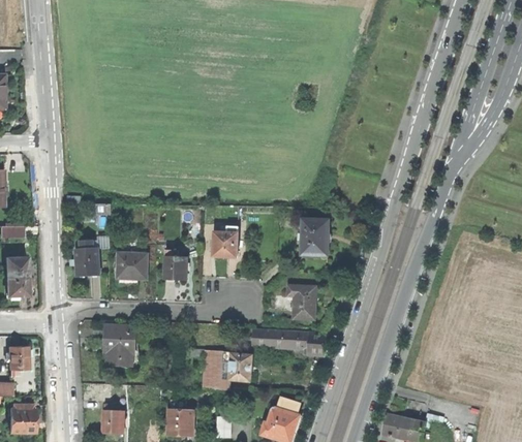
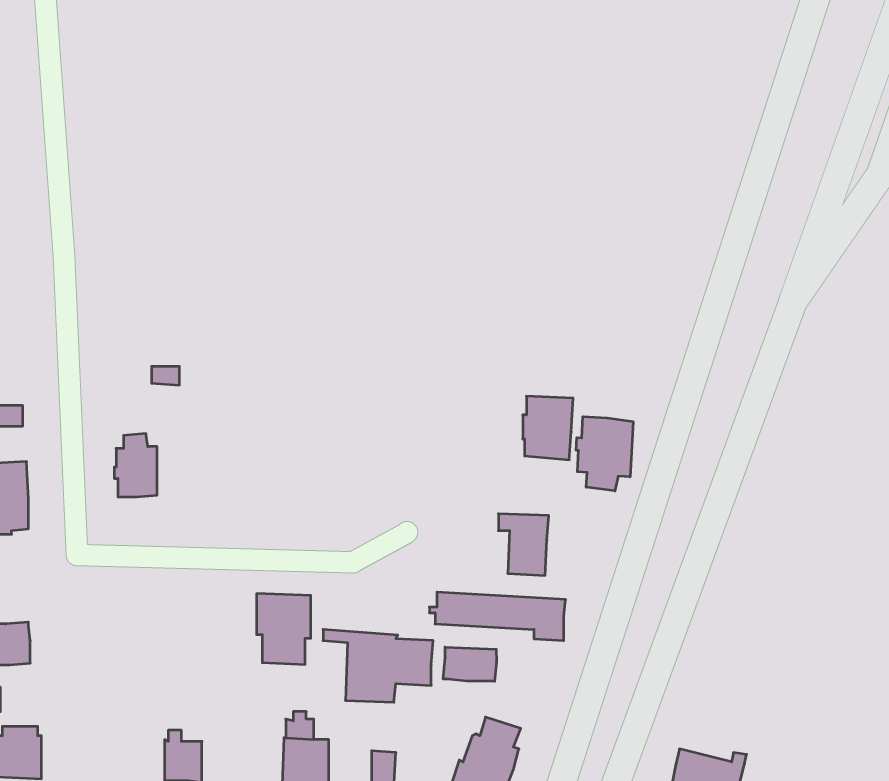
building: [213,226,238,256] -> none
building: none -> [576,417,633,491]
building: [164,250,186,279] -> none
building: [116,253,146,283] -> none
building: [105,326,135,366] -> [257,594,311,664]
building: none -> [443,647,496,681]

